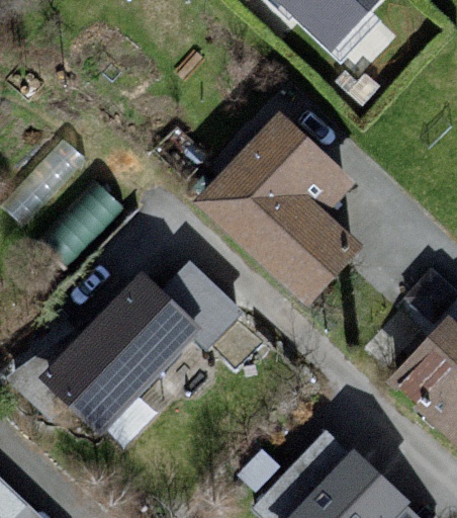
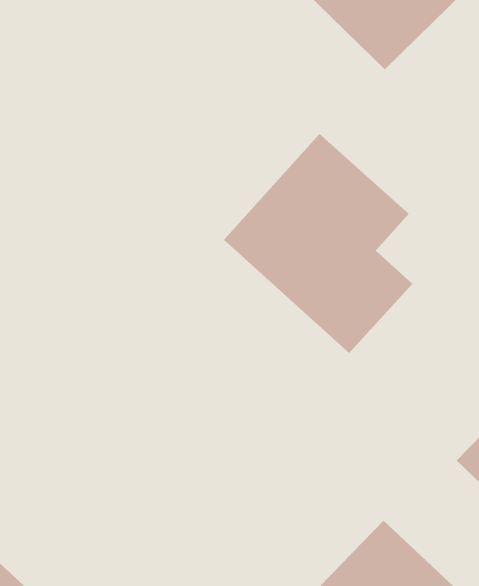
building: [43,260,226,429] -> none

